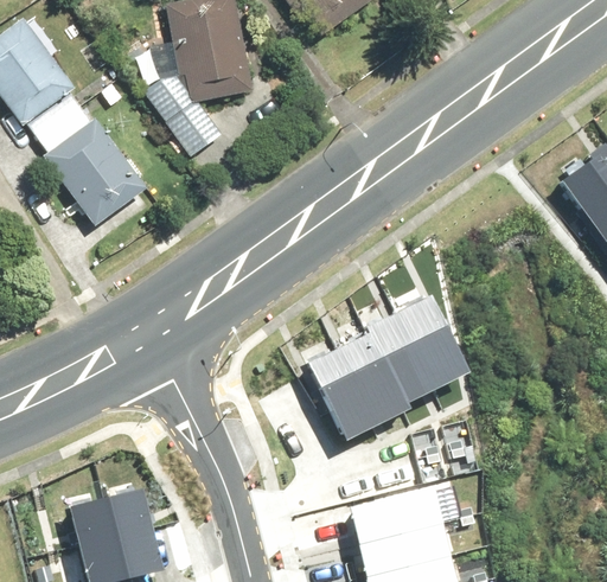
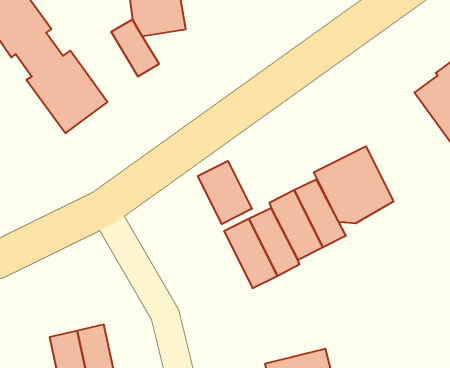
building: none -> [314,146,393,223]
building: none -> [198,161,252,224]
building: [351,485,440,538] -> none

